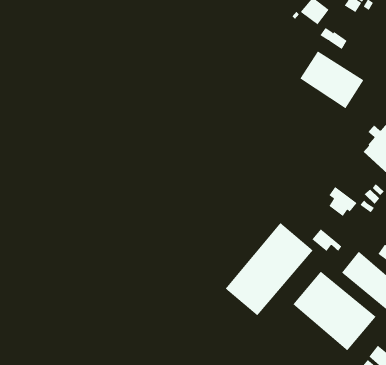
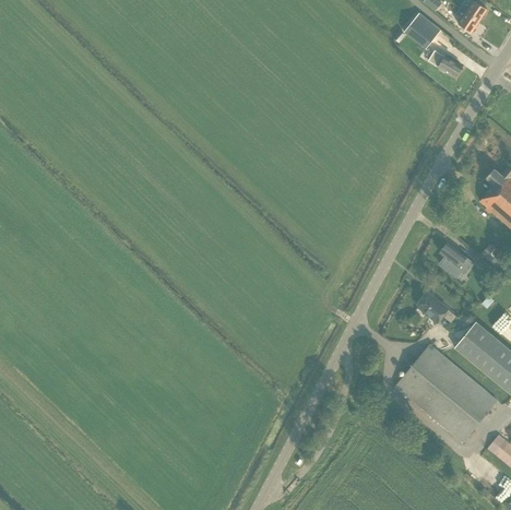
building: [300,51,364,109] -> none
building: [225,222,314,316] -> none

